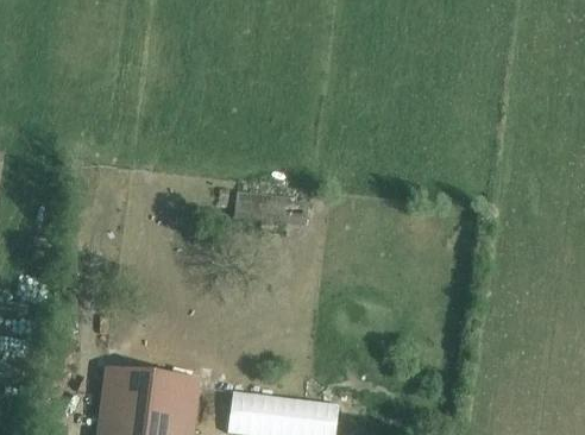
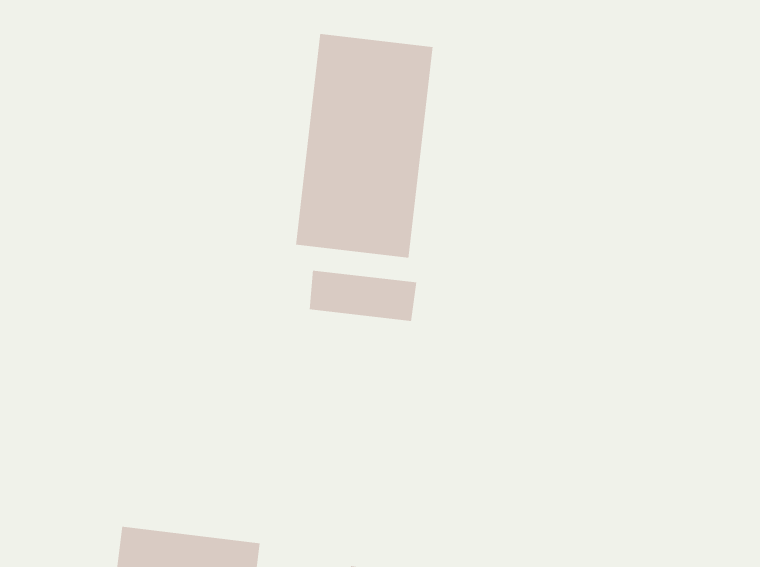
building: none -> [295,33,433,258]

